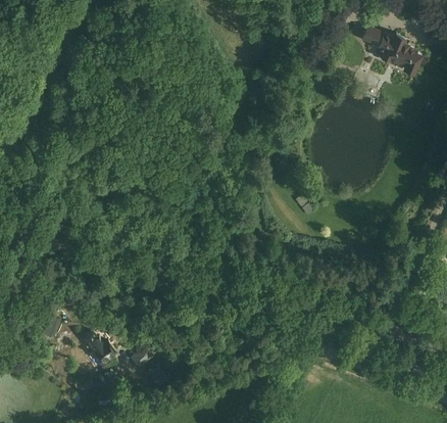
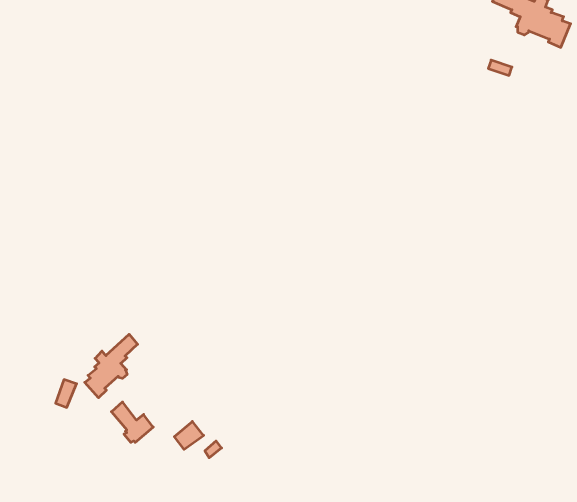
building: none -> [85,334,138,398]

